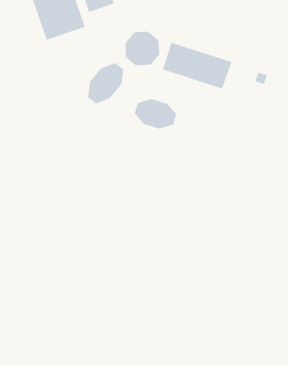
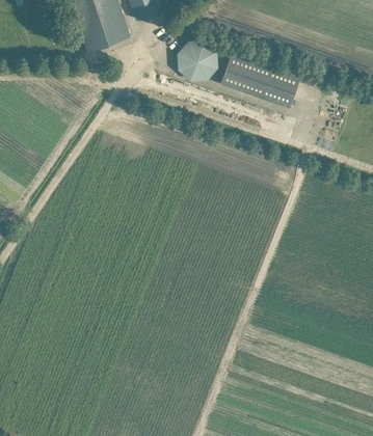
building: [87,62,124,105] -> none
building: [134,98,177,130] -> none

